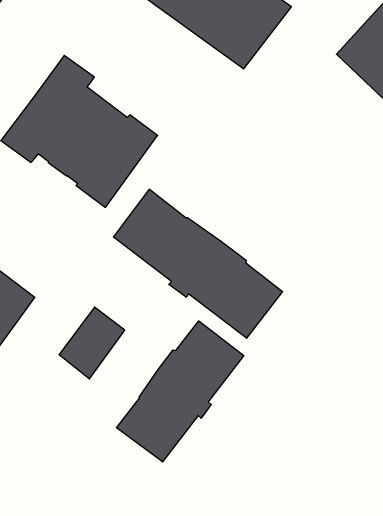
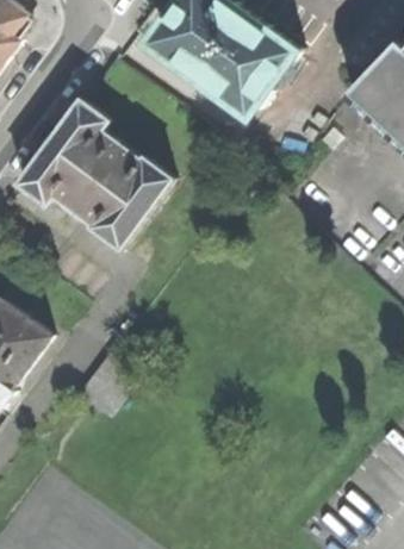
building: [114,189,283,338] -> none
building: [116,321,244,462] -> none

